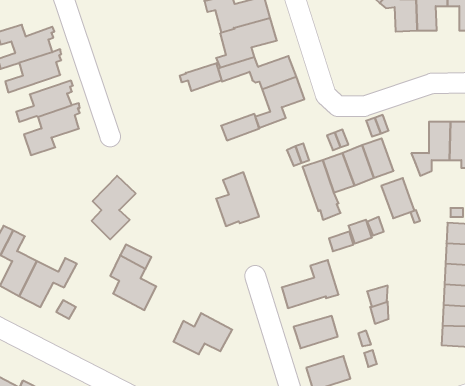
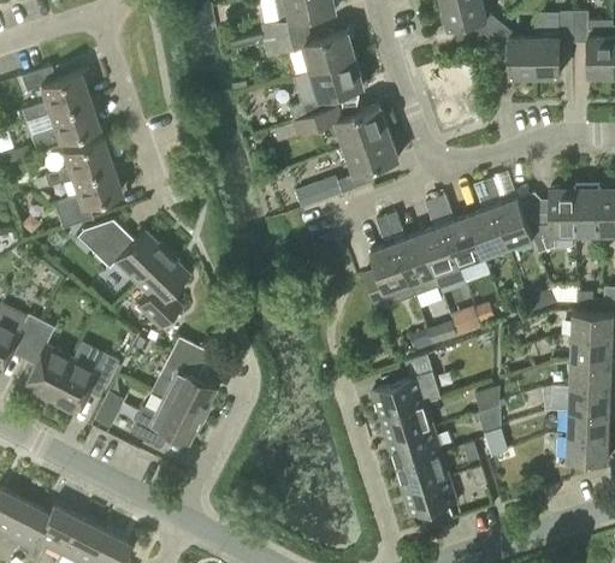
building: [180,63,222,91] -> none
building: none -> [76,221,167,284]
building: [216,172,259,226] -> [361,242,414,308]
building: [381,178,415,218] -> [492,197,533,247]
building: none -> [377,401,431,438]
building: [173,313,232,354] -> [129,397,201,448]
building: none -> [392,450,445,488]

